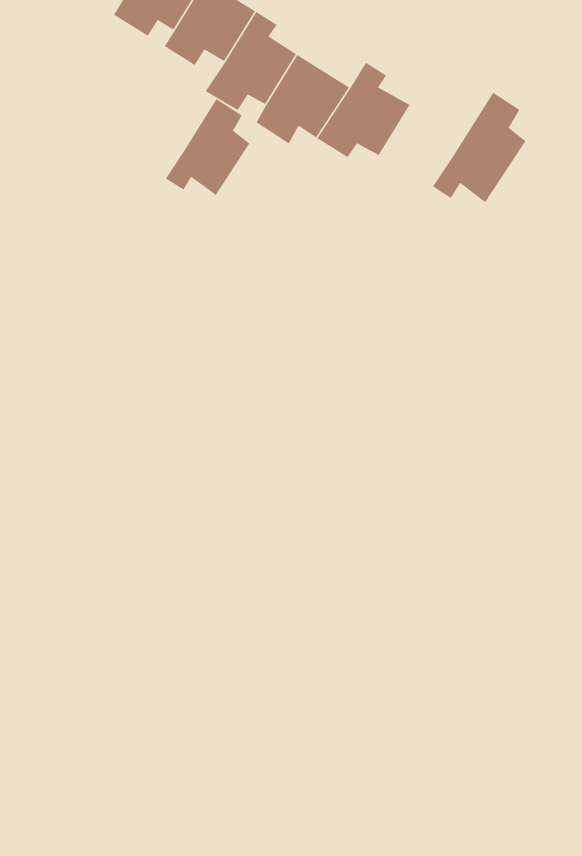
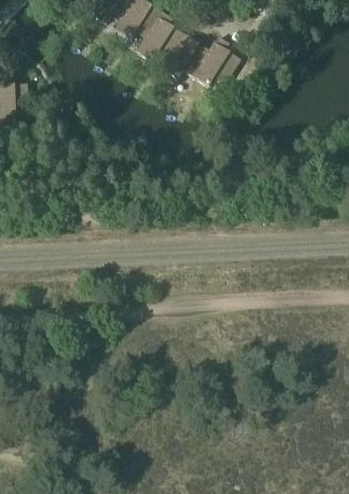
building: [432,92,526,203] -> none
building: [165,98,250,196] -> none

